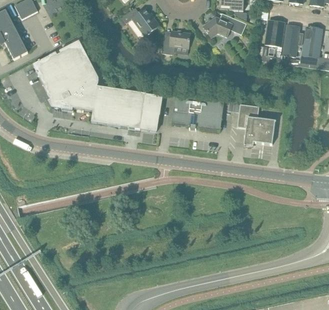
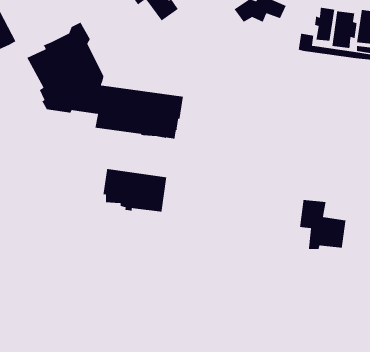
building: [162,30,190,54] -> none
building: [172,94,224,130] -> [103,168,167,213]
building: [237,103,276,145] -> [299,199,348,251]

